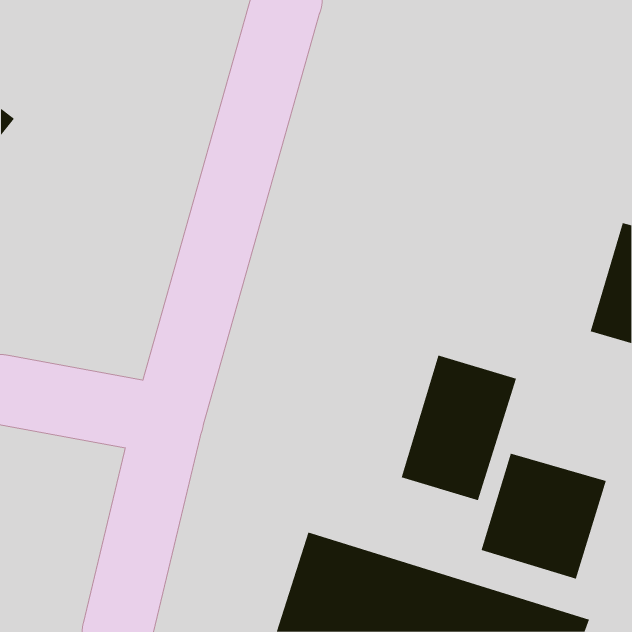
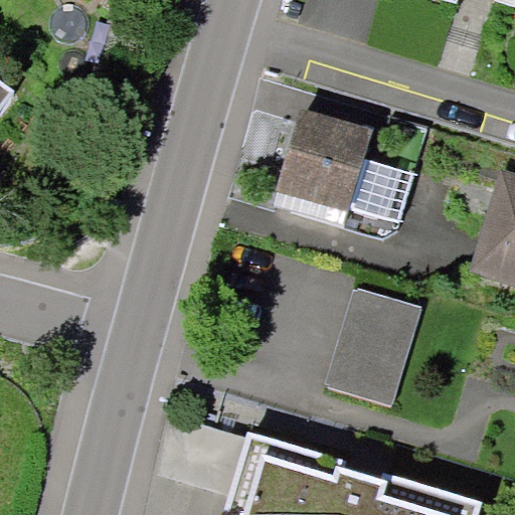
building: none -> [273,120,411,225]
building: [481,453,606,579] -> none

